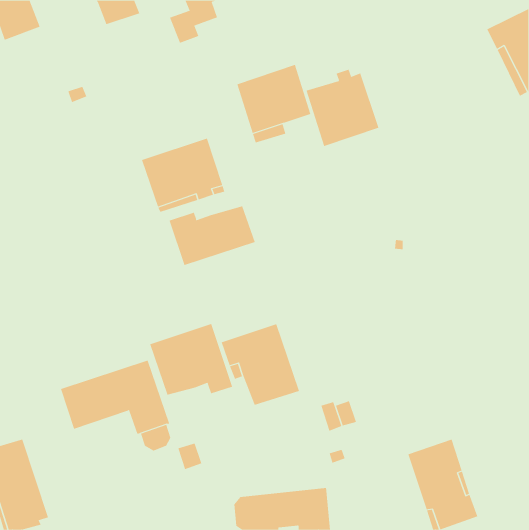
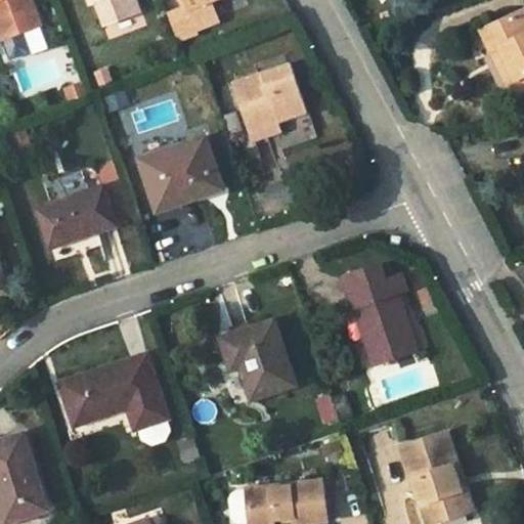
building: [306,69,379,147] -> none
building: none -> [39,187,115,246]
building: [169,206,255,266] -> none
building: none -> [343,263,417,367]
building: [149,323,233,395] -> none

